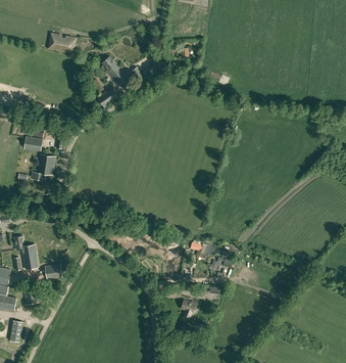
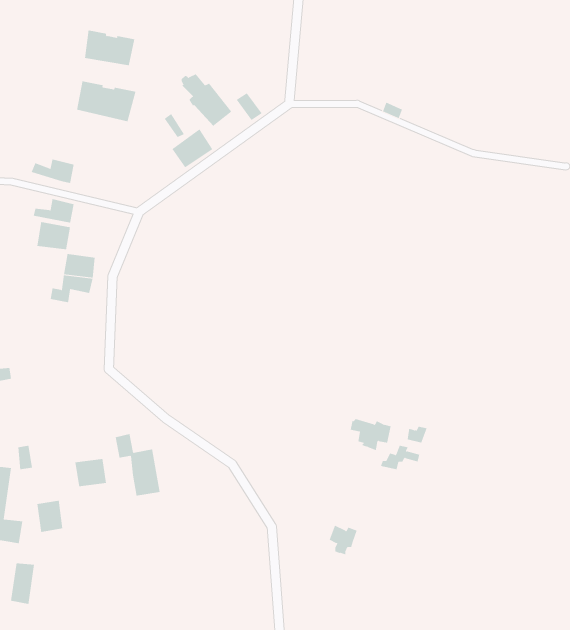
building: none -> [77,80,136,122]
building: [14,235,39,269] -> [115,434,160,496]

